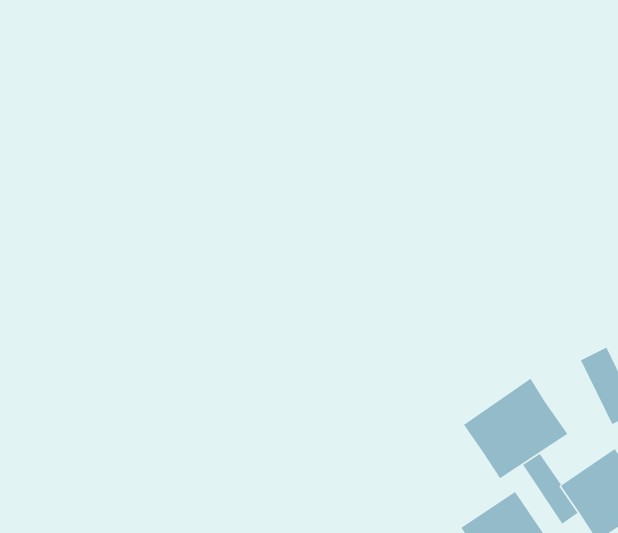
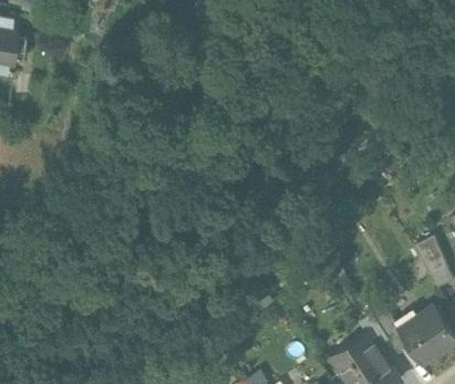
building: [463,378,568,479] -> none

